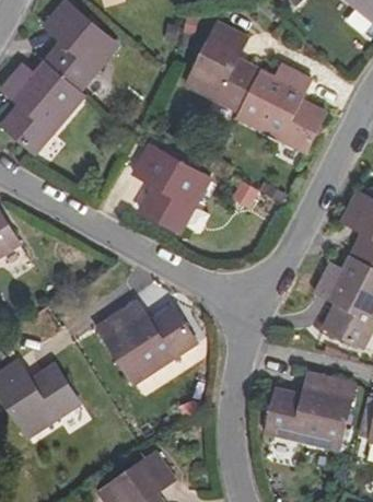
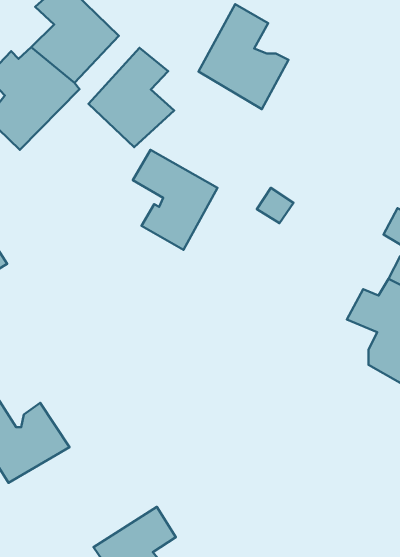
building: none -> [88,48,174,147]
building: [240,66,326,152] -> none
building: [95,301,194,381] -> none
building: [261,375,354,452] -> none

